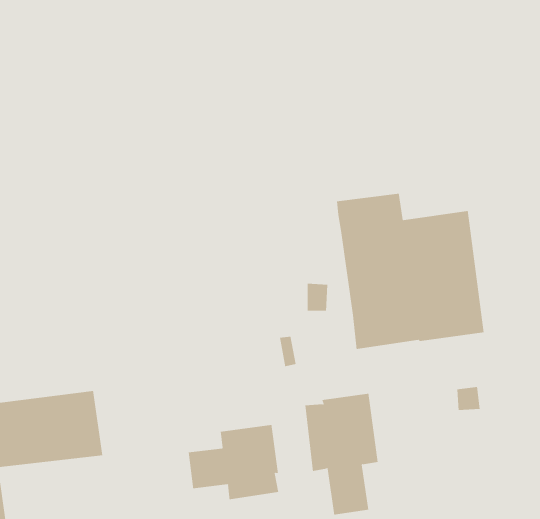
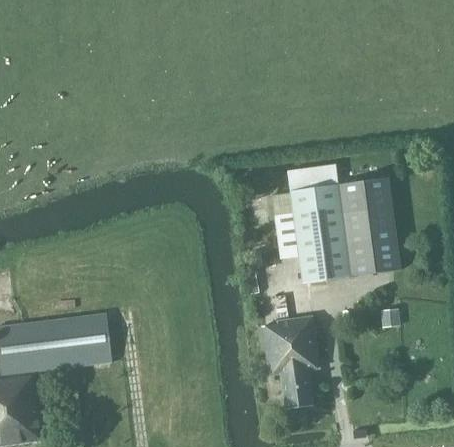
building: [188,424,279,500] -> none

